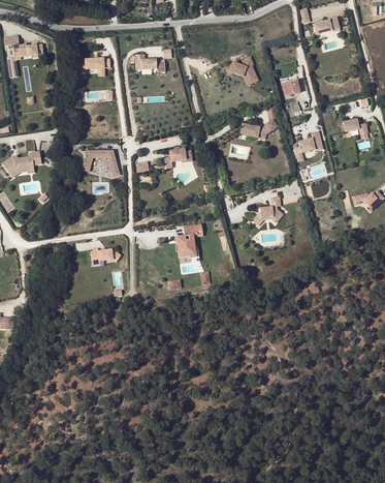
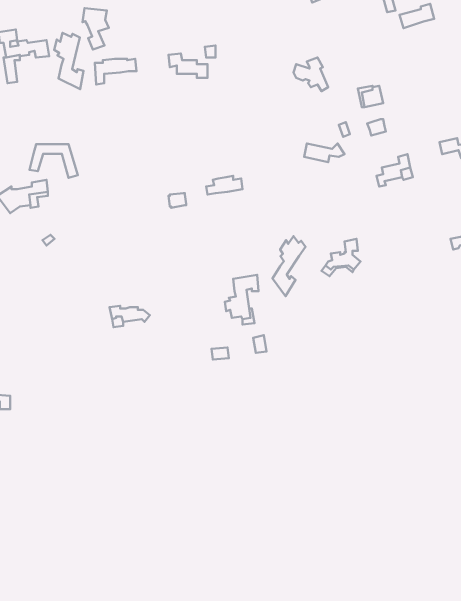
building: none -> [83,8,109,50]
building: none -> [54,33,83,89]
building: [83,151,120,177] -> [30,144,78,178]
building: none -> [272,236,305,296]

